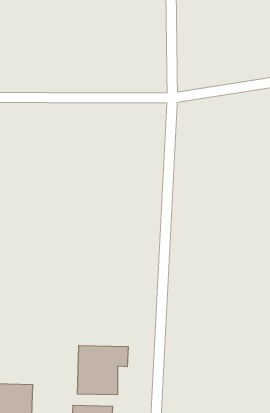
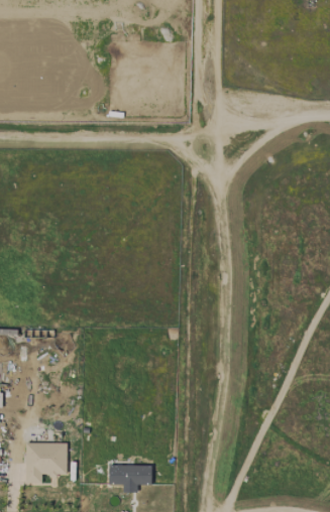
building: [78,345,128,395] -> none

